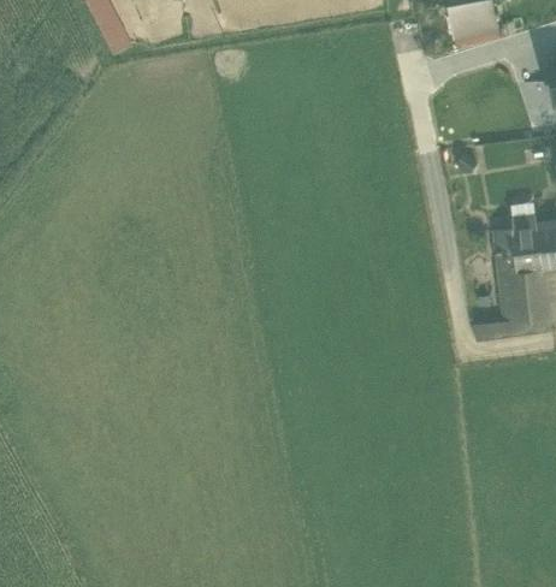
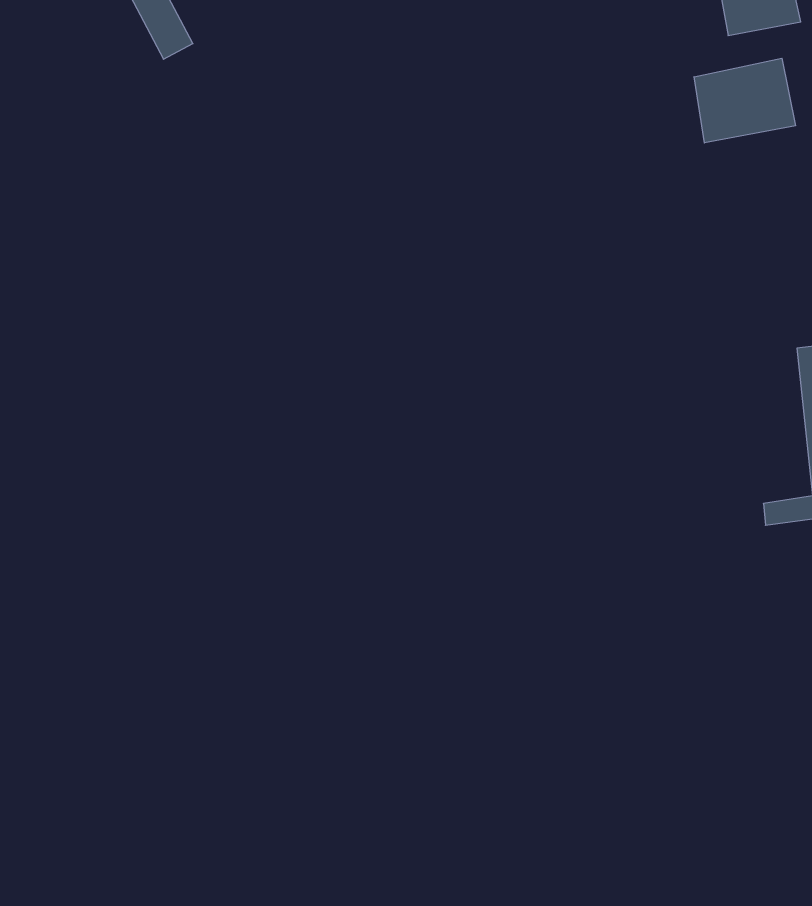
building: none -> [694,58,795,143]

